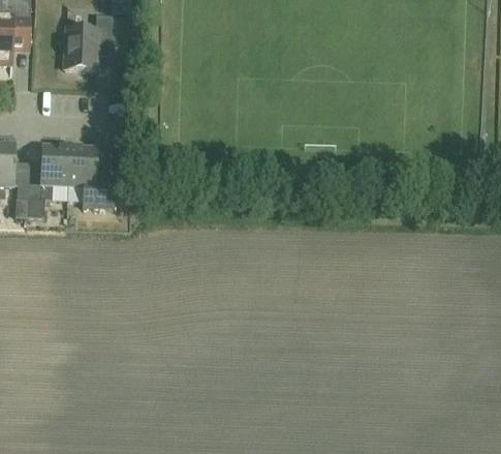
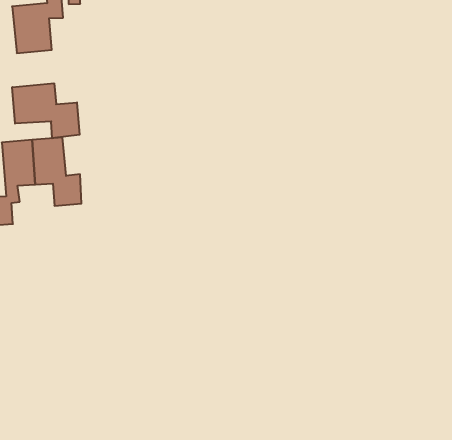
building: none -> [12,83,80,138]

